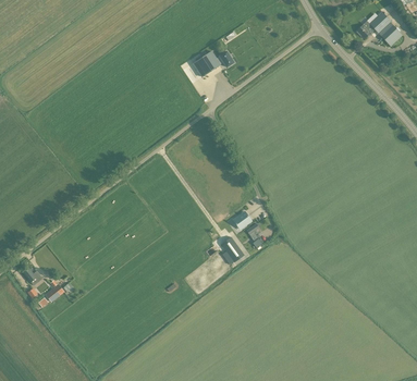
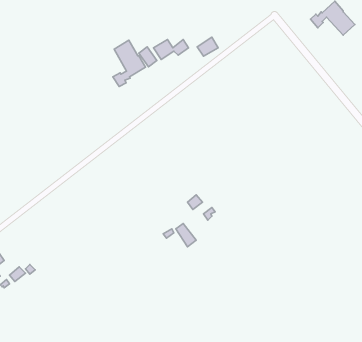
building: none -> [113,40,146,87]

